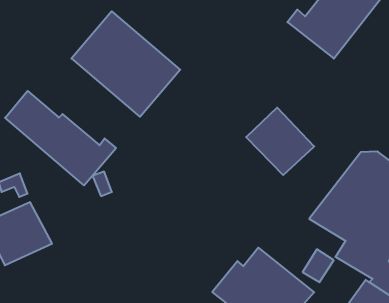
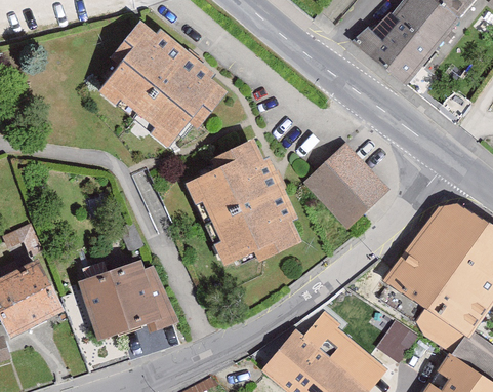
building: [5,91,116,185] -> none
building: none -> [182,136,300,274]
building: none -> [80,261,170,343]

